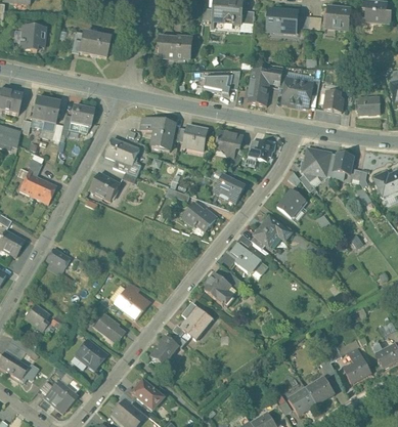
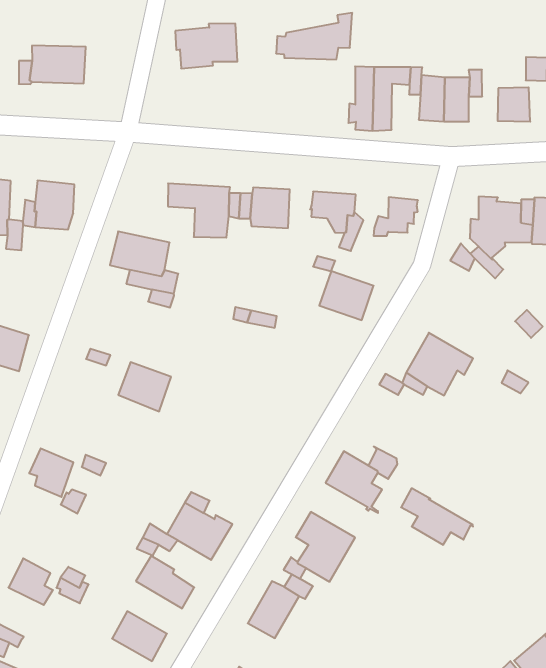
building: [197,70,241,93] -> [276,13,352,59]
building: [90,171,120,200] -> [118,362,171,411]
building: [278,189,306,218] -> none
building: [182,205,217,231] -> none
building: [231,242,268,274] -> [401,488,473,545]

